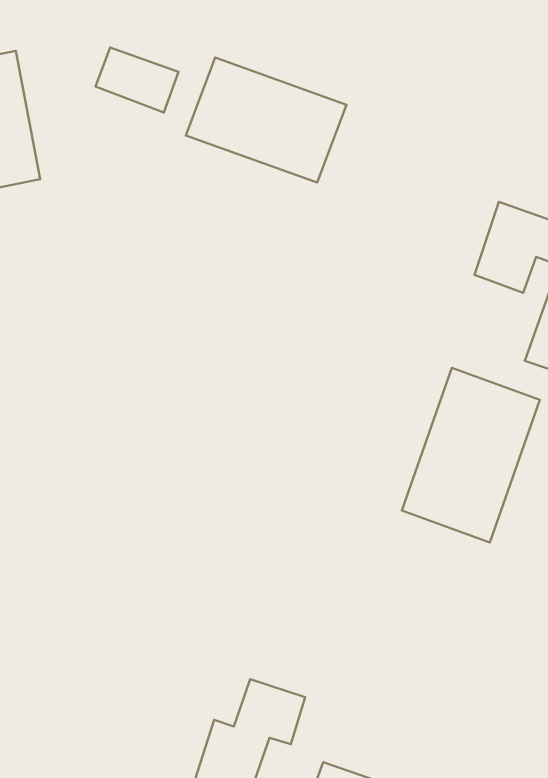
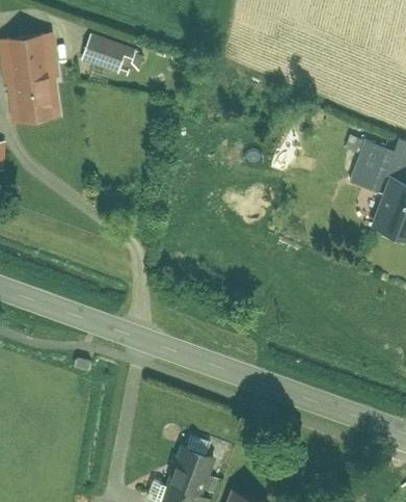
building: [186,57,346,183] -> none
building: [402,368,540,543] -> none

